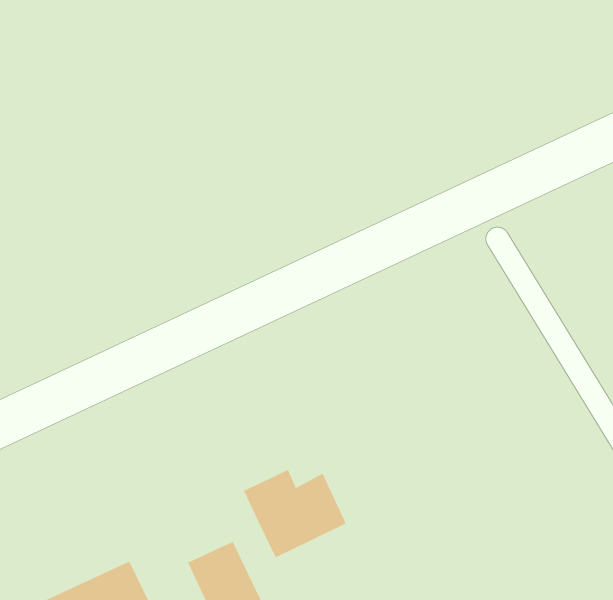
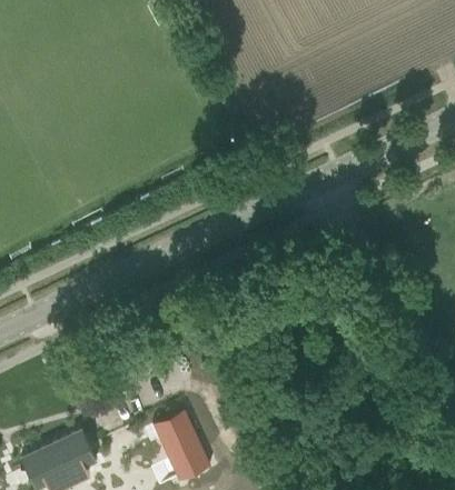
building: [243,469,346,558] -> none

